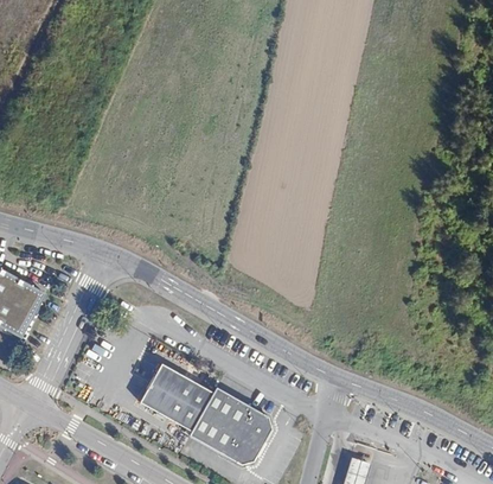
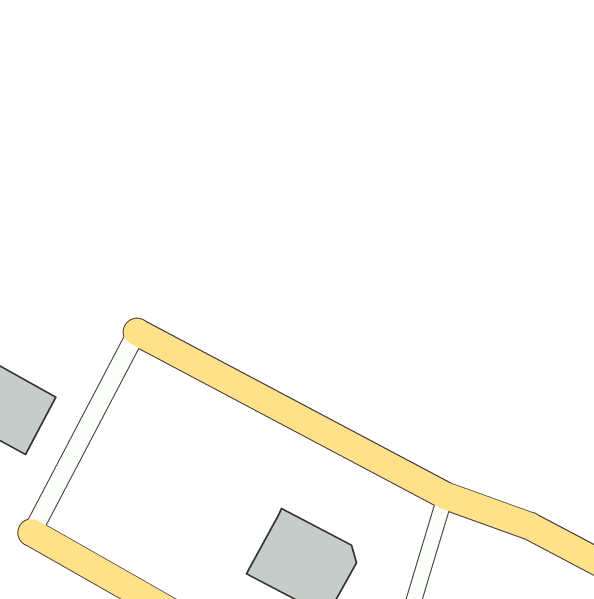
building: [141,363,215,431] -> none

